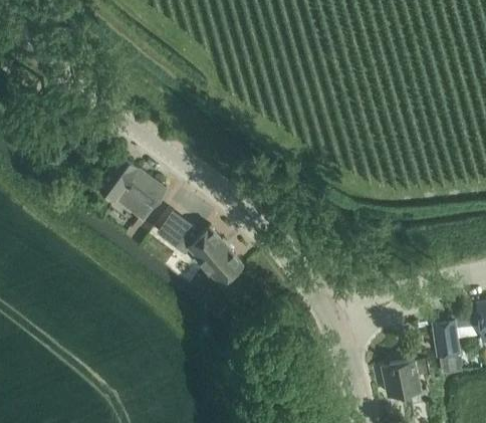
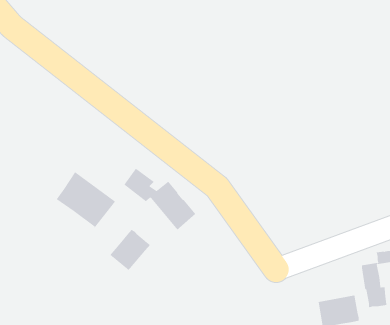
building: [97,156,167,222] -> [56,171,116,229]
building: none -> [109,229,151,271]

